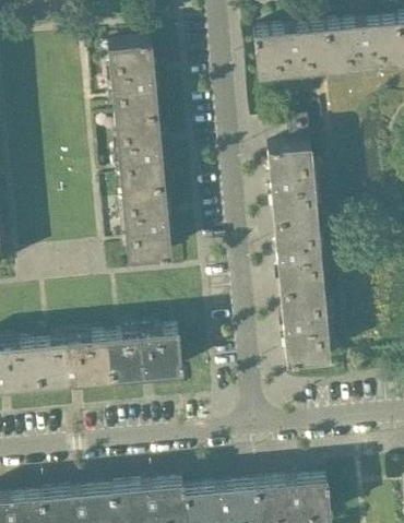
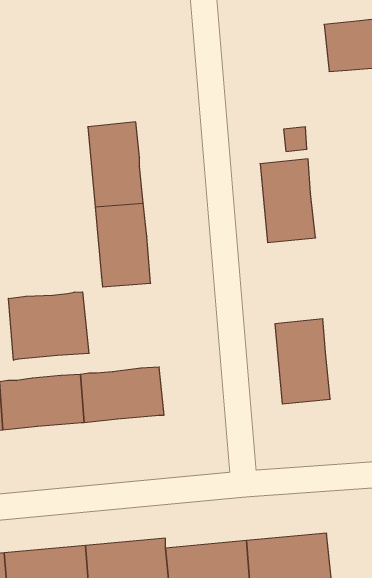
building: [254,27,330,75] -> none
building: [109,43,158,118] -> none
building: [275,216,324,293] -> none
building: none -> [8,292,89,360]

